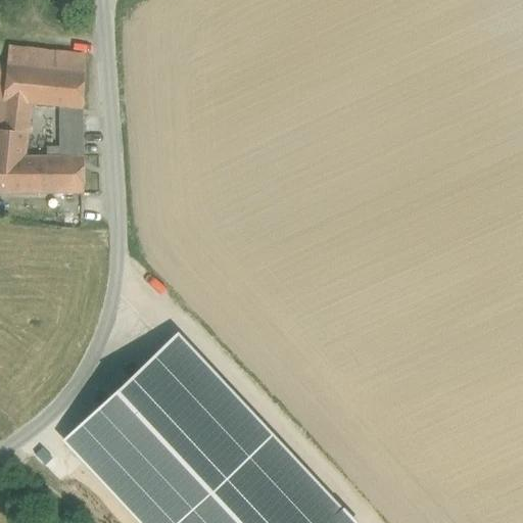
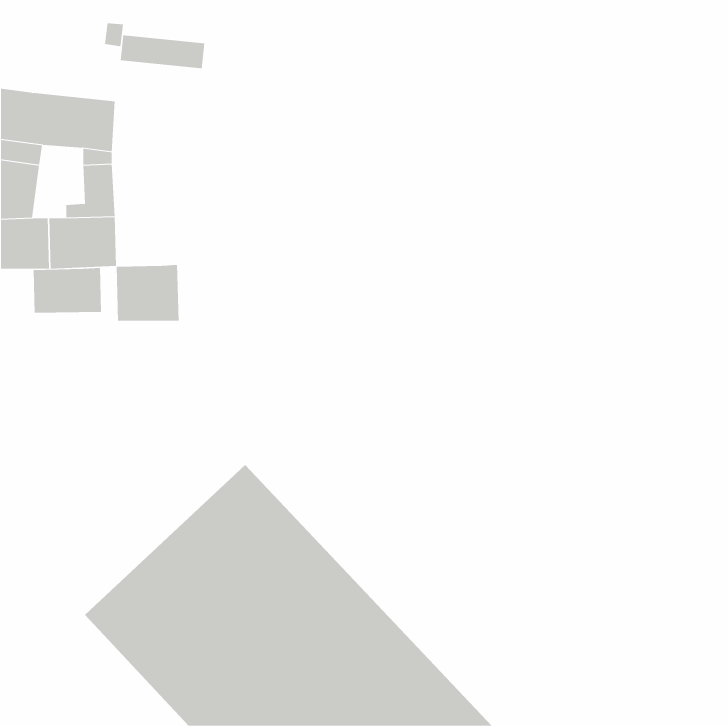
building: [23,48,85,73] -> [120,35,205,69]
building: none -> [116,264,179,322]
building: none -> [33,267,102,313]

